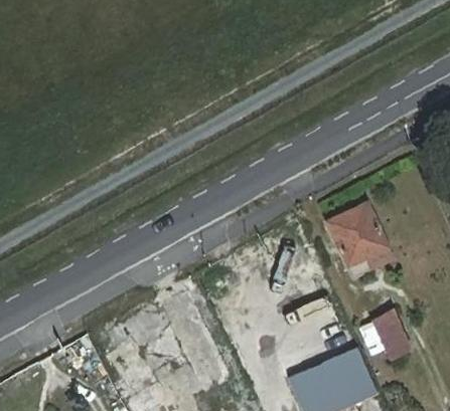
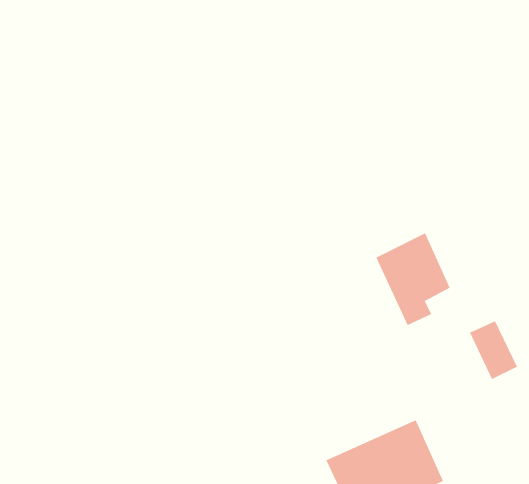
building: [372,313,410,358] -> [469,321,518,380]

